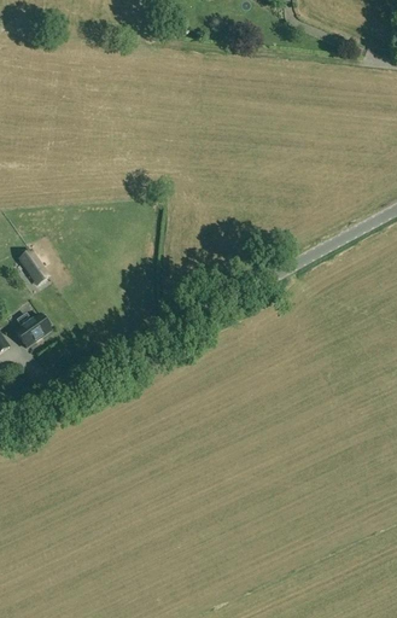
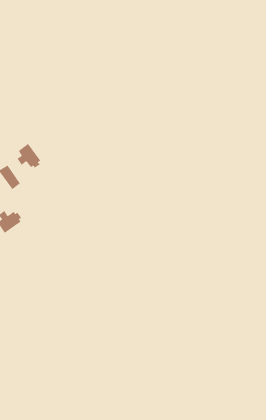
building: none -> [16,143,41,169]

